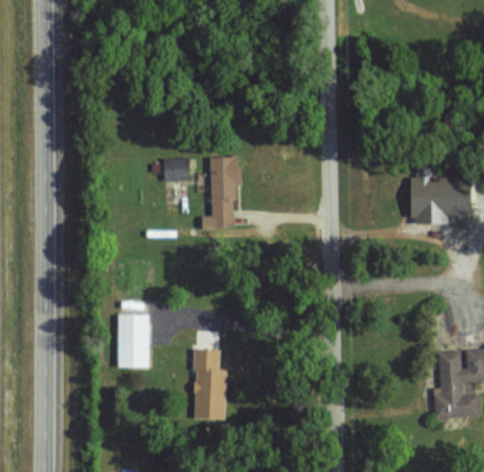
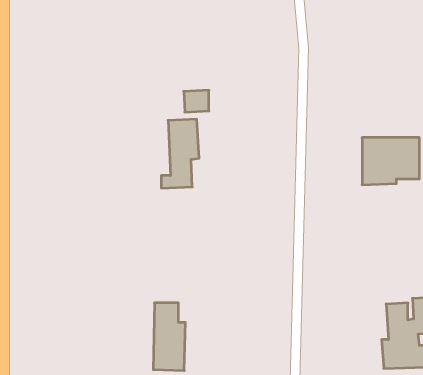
building: [163,158,189,181] -> [184,90,209,112]
building: [117,314,149,367] -> none

